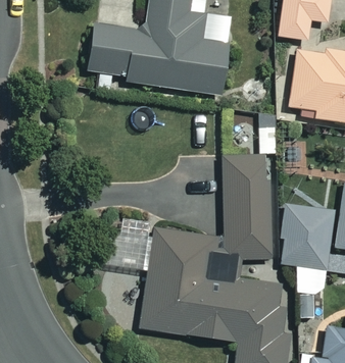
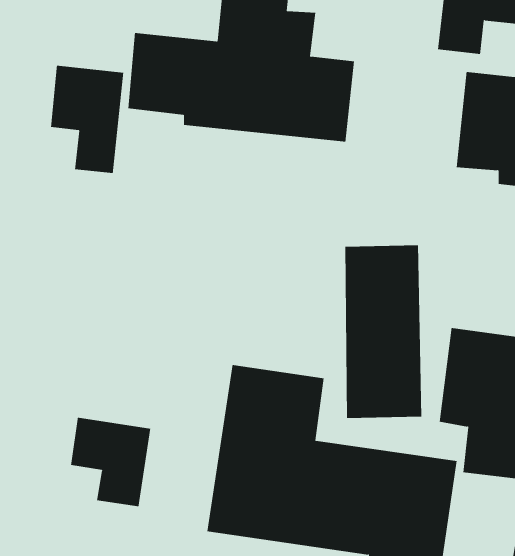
building: none -> [51,65,124,174]
building: none -> [71,417,151,507]

